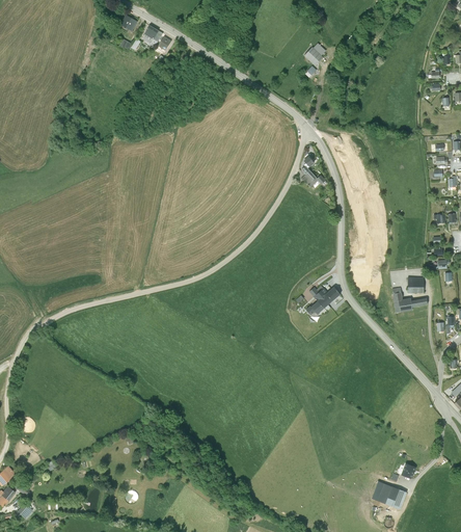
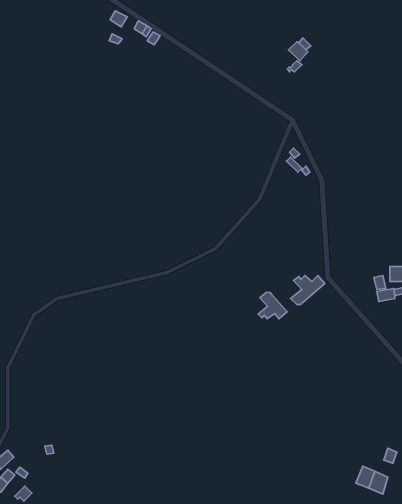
building: none -> [258,292,287,319]

